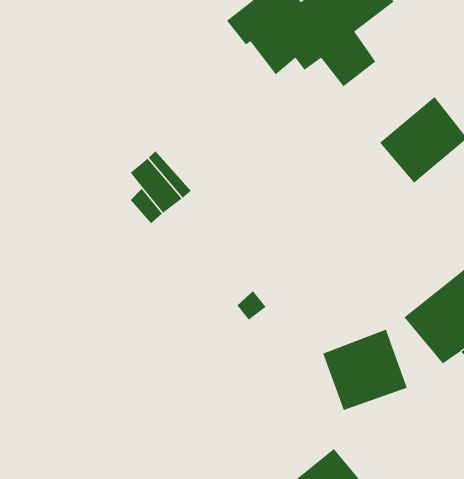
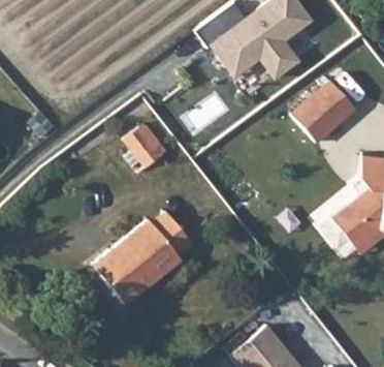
building: none -> [96,210,193,303]
building: [322,329,408,411] -> none

